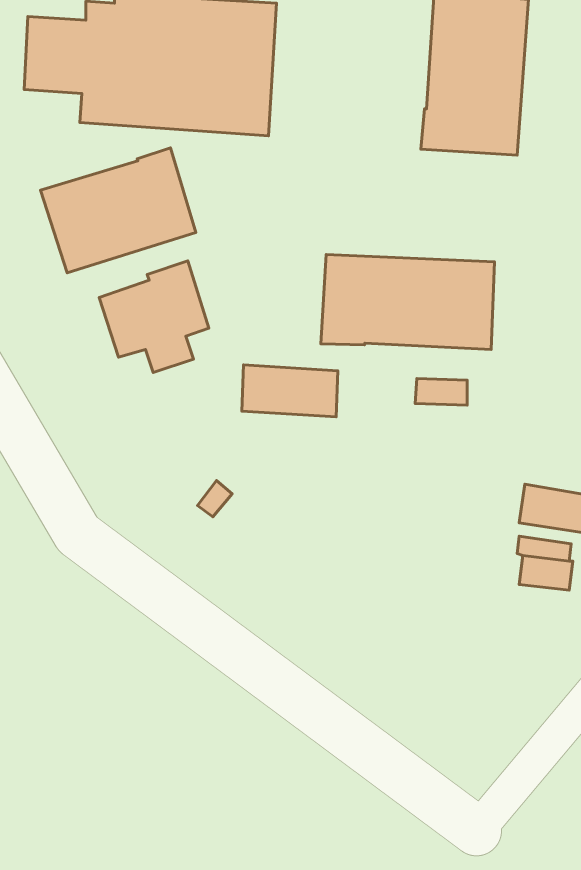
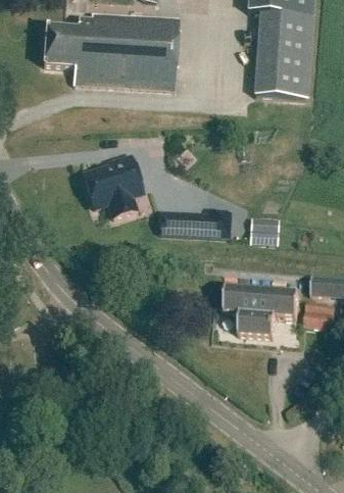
building: [40,148,196,273] -> none
building: [321,254,495,350] -> none
building: none -> [224,288,299,337]

